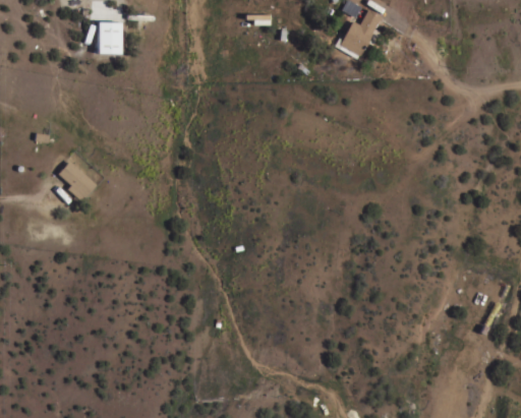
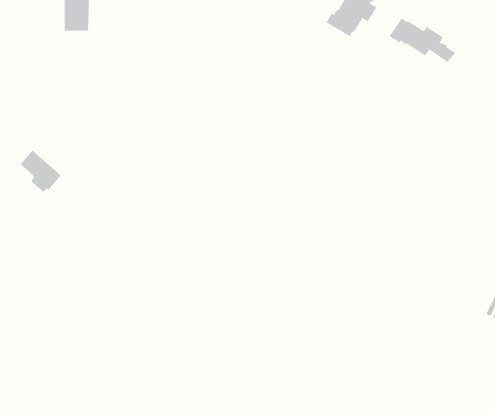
building: none -> [389,18,456,63]

